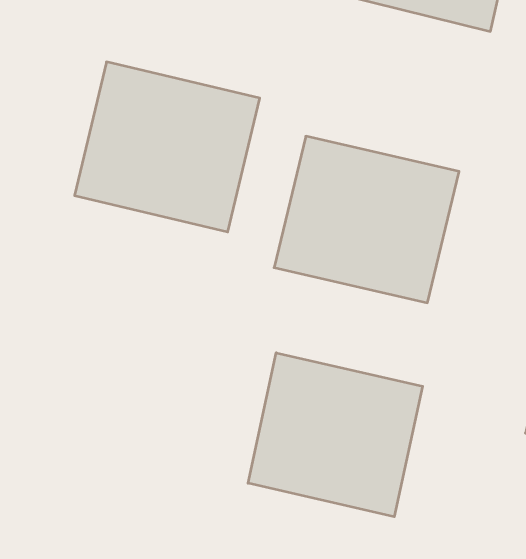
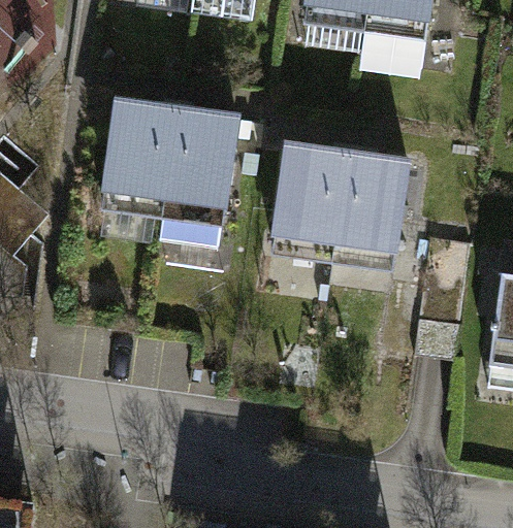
building: [248,353,423,517] -> none

